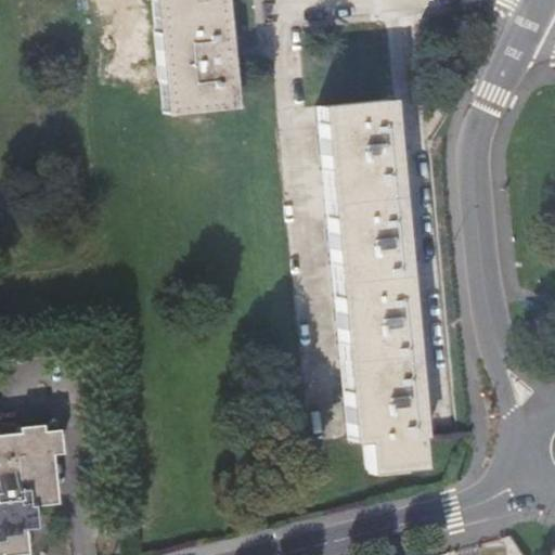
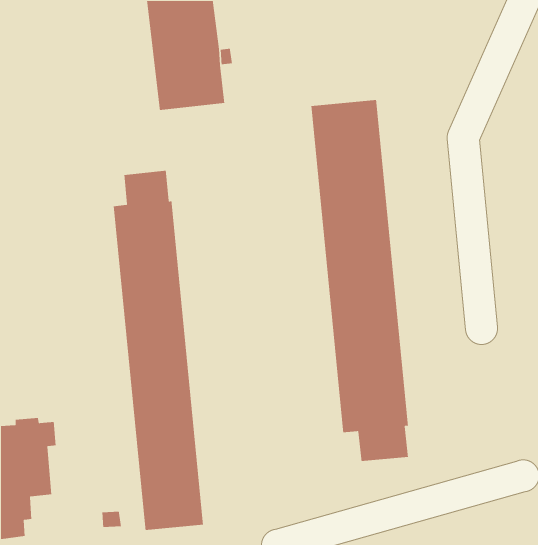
building: none -> [113,170,204,531]

